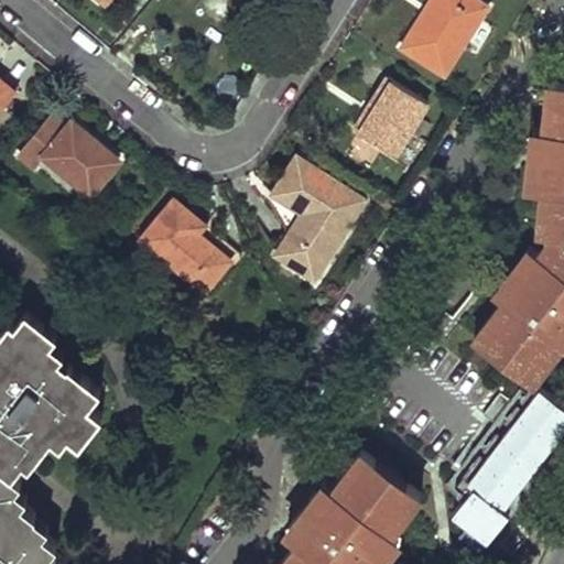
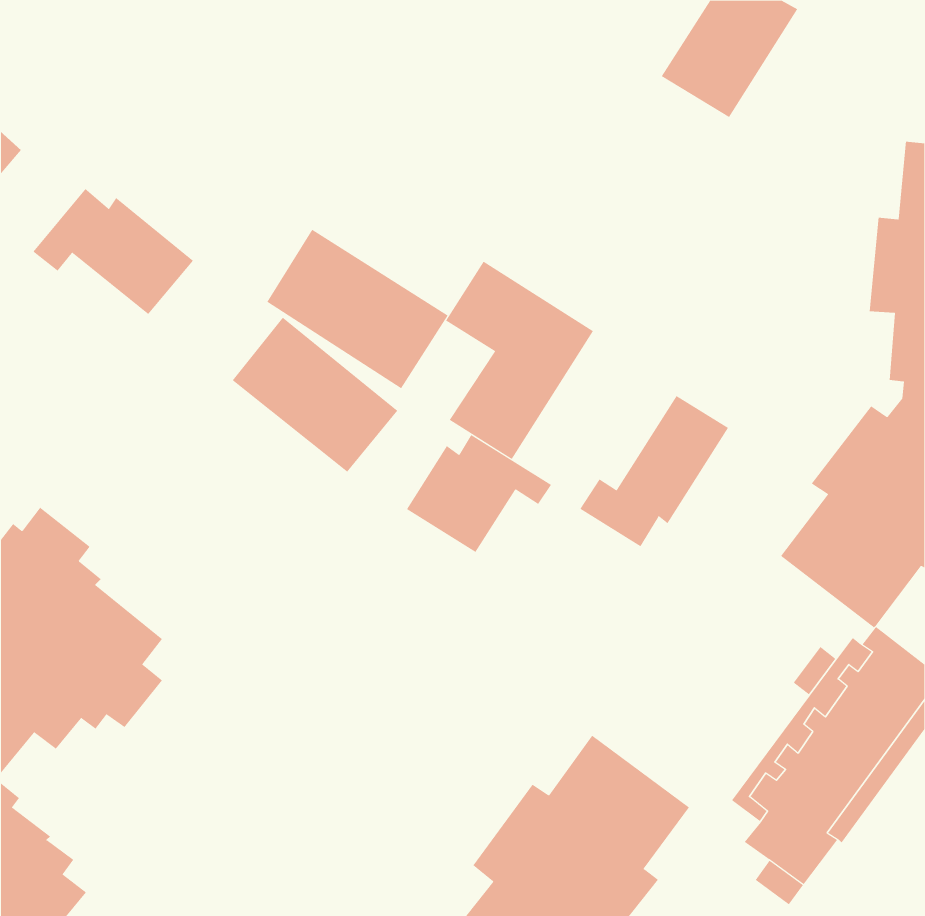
building: [355,83,425,158] -> none
building: none -> [267,229,449,389]
building: none -> [579,395,729,547]
building: none -> [406,434,552,553]

